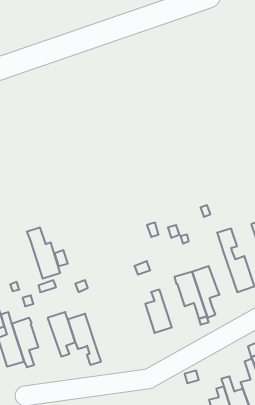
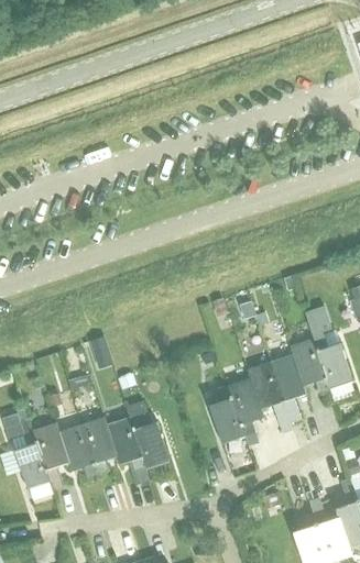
building: [27,228,60,279] -> [126,401,170,468]
building: none -> [290,339,330,393]
building: none -> [228,378,263,445]
building: none -> [58,423,98,477]

